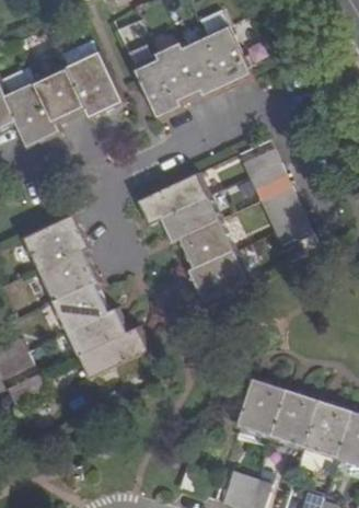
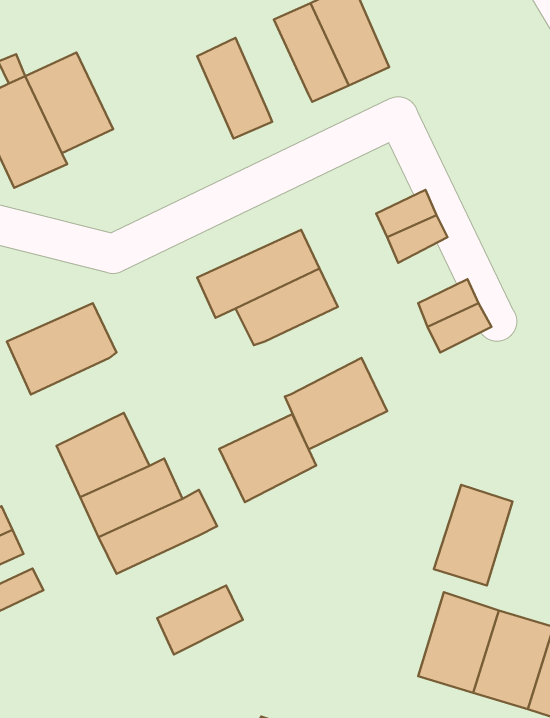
building: [157,42,202,101] -> none
building: [63,49,120,117] -> none
building: [176,217,234,269] -> [219,414,316,502]
building: [36,247,97,300] -> none
building: [236,378,283,438] -> [434,485,513,586]
building: none -> [157,586,243,655]

